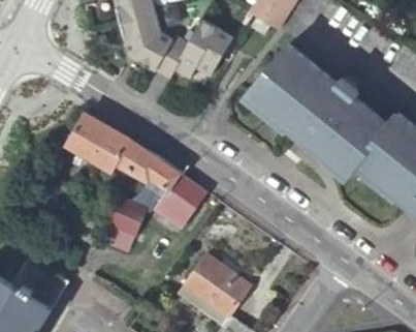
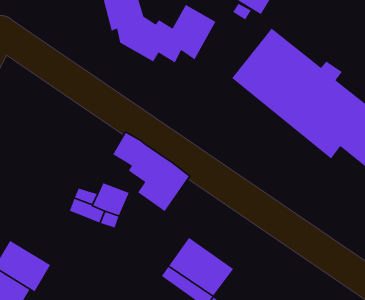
building: [65,113,142,171] -> none

